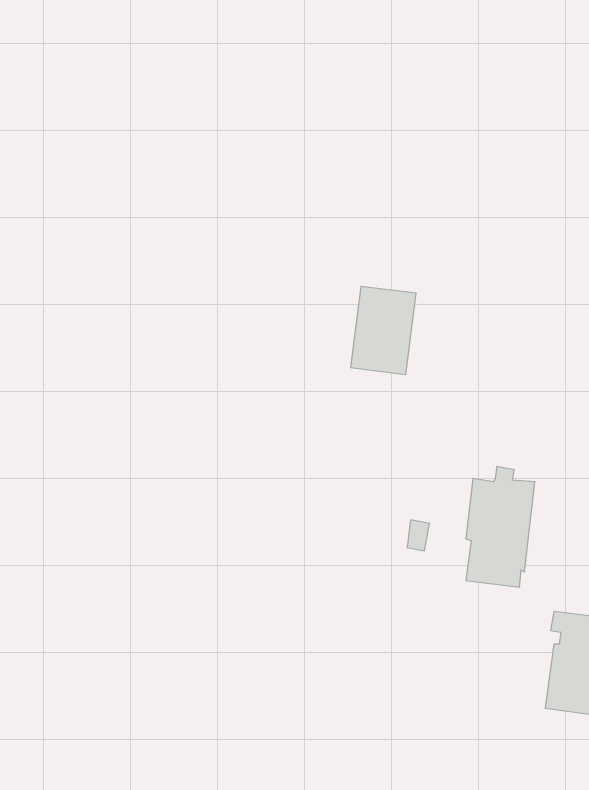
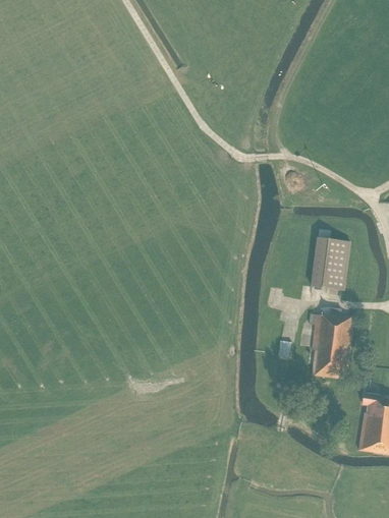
building: [351,286,416,374] -> [311,238,349,290]

